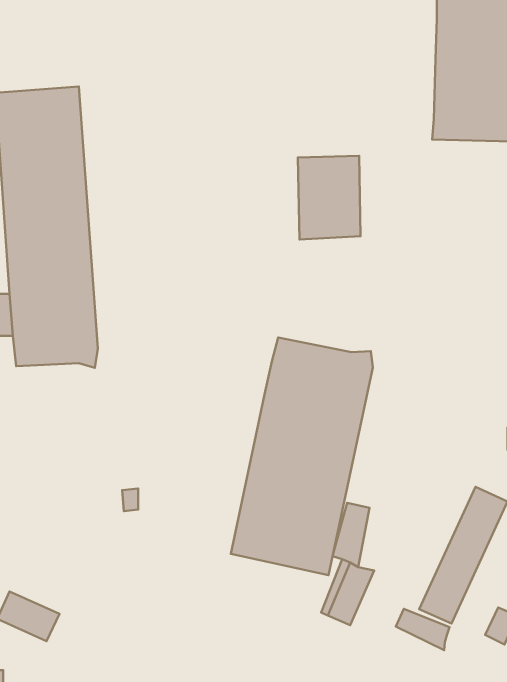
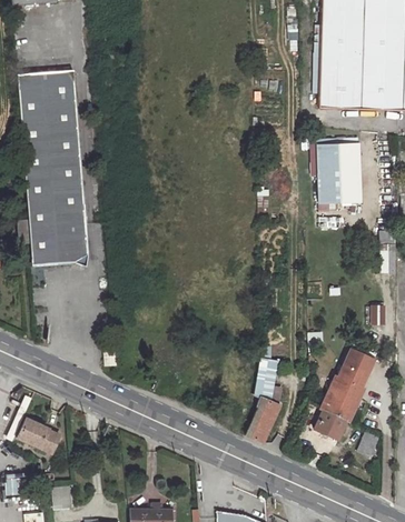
building: [298,156,361,239] -> [319,143,363,201]
building: [231,338,373,575] -> none
building: [396,609,449,650] -> none

